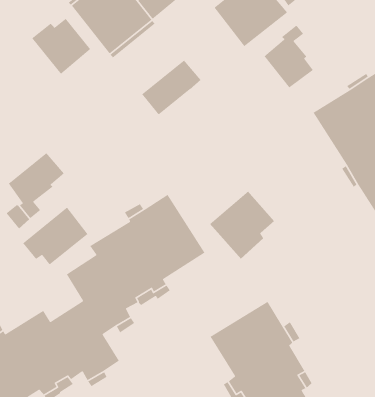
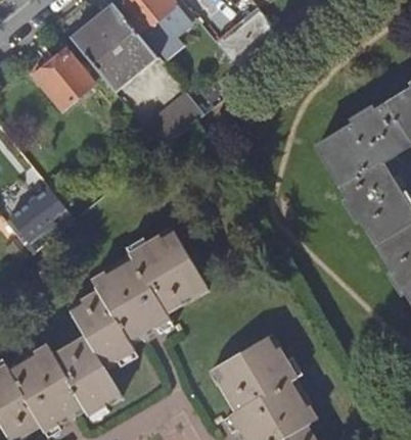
building: [264,25,314,89] -> none
building: [209,191,275,259] -> none
building: [22,207,88,266] -> none

